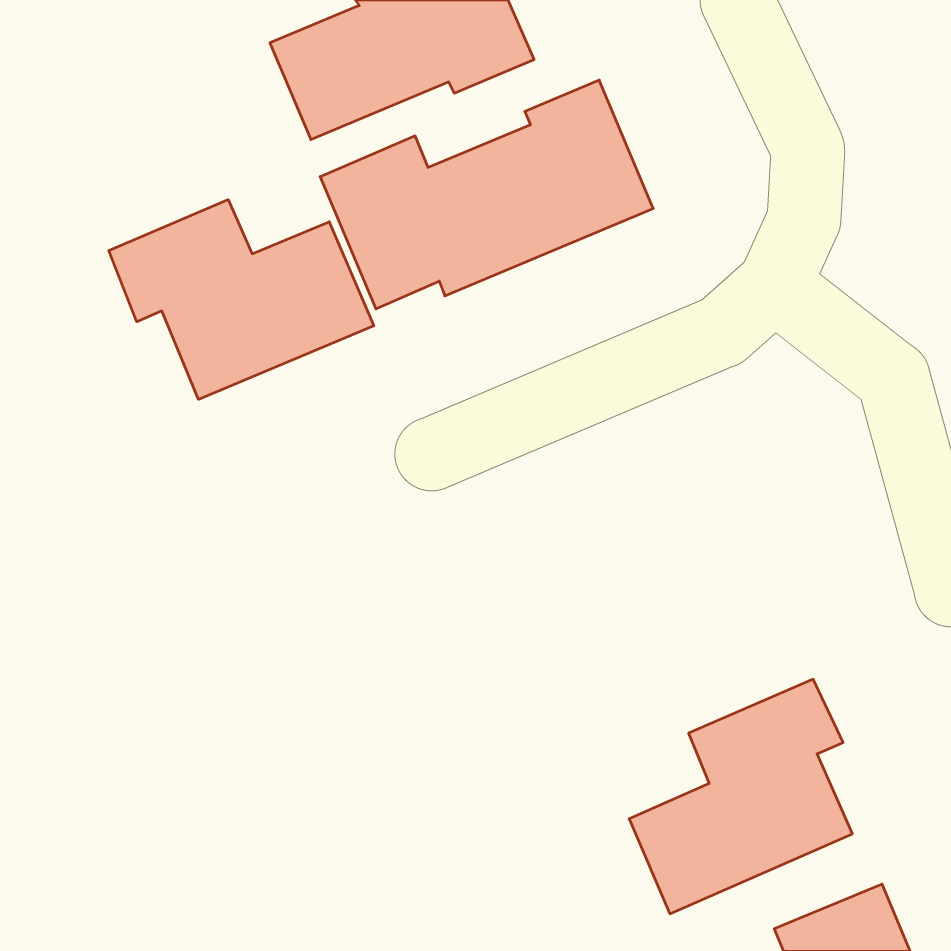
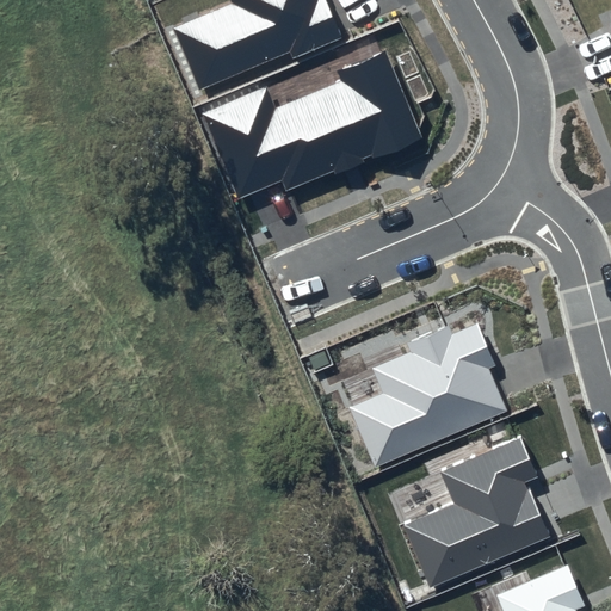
building: [109,200,374,399] -> none
building: none -> [350,323,506,465]

